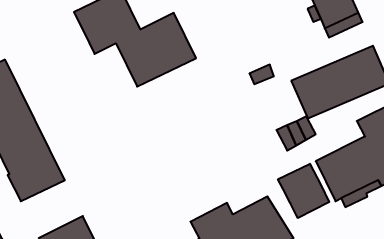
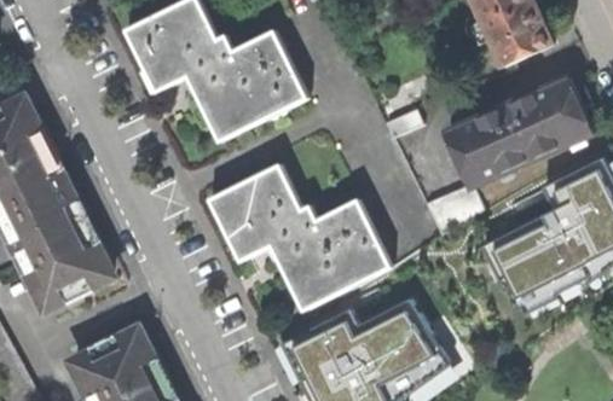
building: none -> [209,164,391,308]
building: [278,164,329,218] -> none

